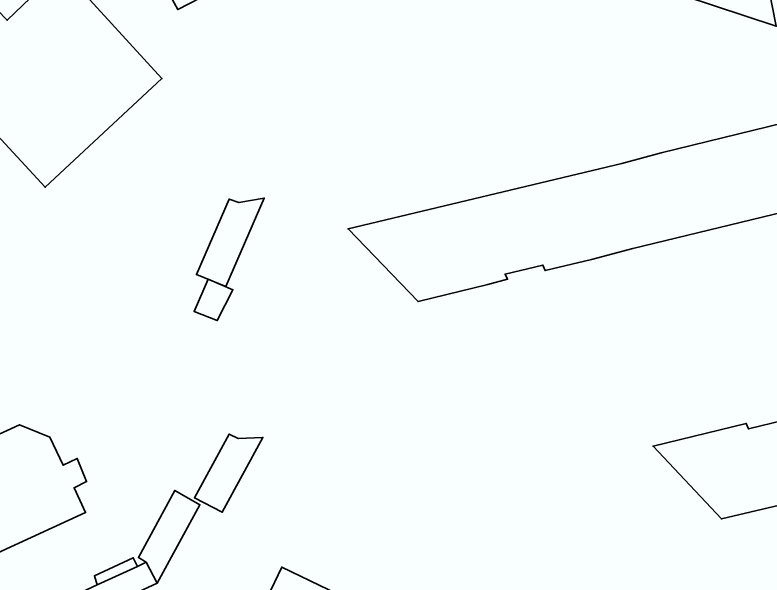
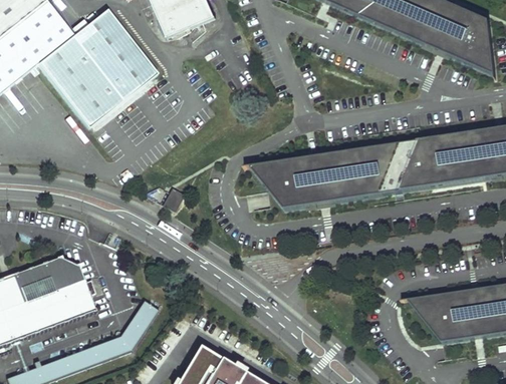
building: [197,198,264,286] -> none
building: [194,434,263,512] -> none

